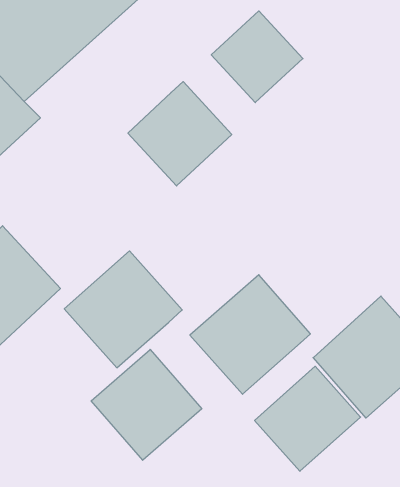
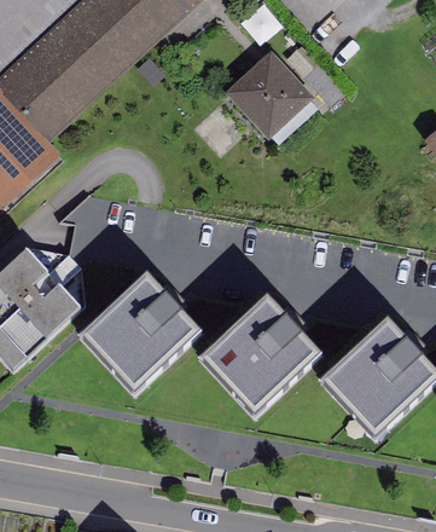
building: [128,82,232,186] -> none
building: [91,349,202,460] -> none
building: [255,366,361,471] -> none

